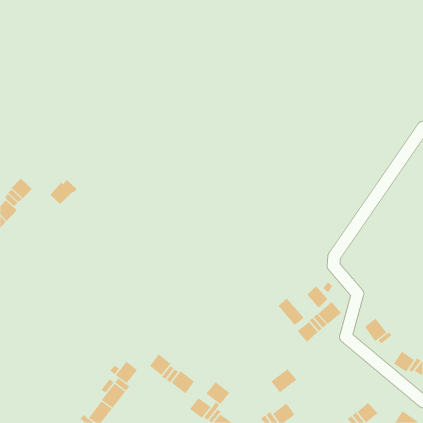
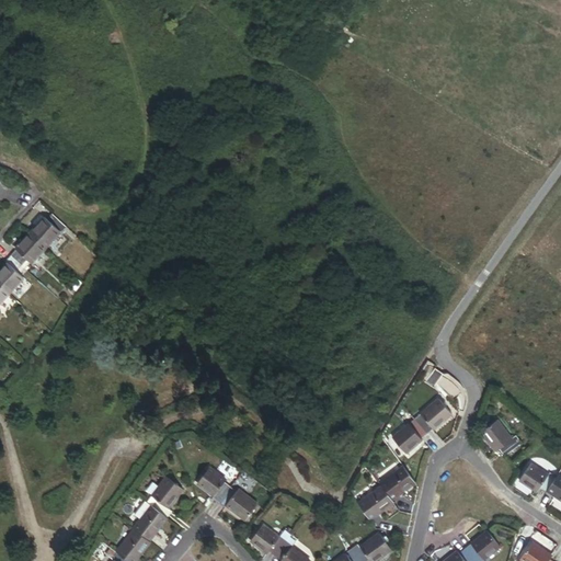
building: [49,179,78,205] -> [27,215,65,249]
building: [307,286,328,308] -> none
building: [278,298,304,326] -> none
building: none -> [379,468,414,501]
building: [206,382,230,405] -> none

